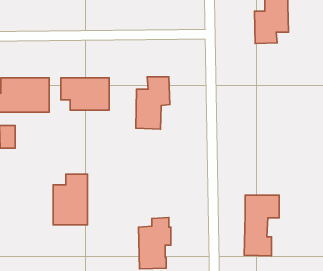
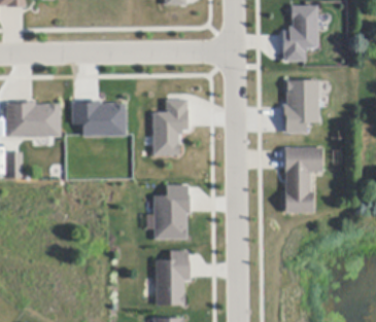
building: none -> [281,77,316,132]
building: [53,174,87,225] -> [151,183,189,238]
building: [244,195,279,256] -> [284,148,322,214]

